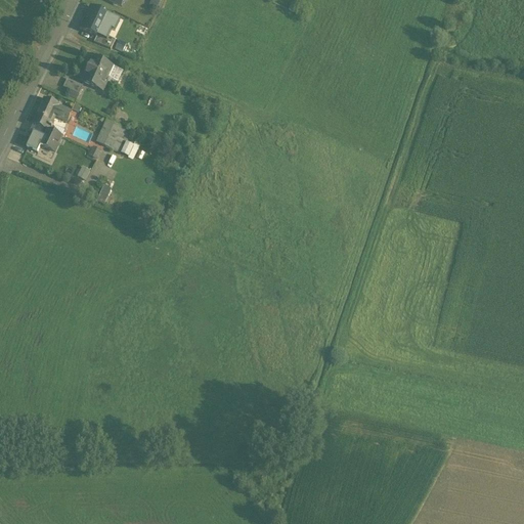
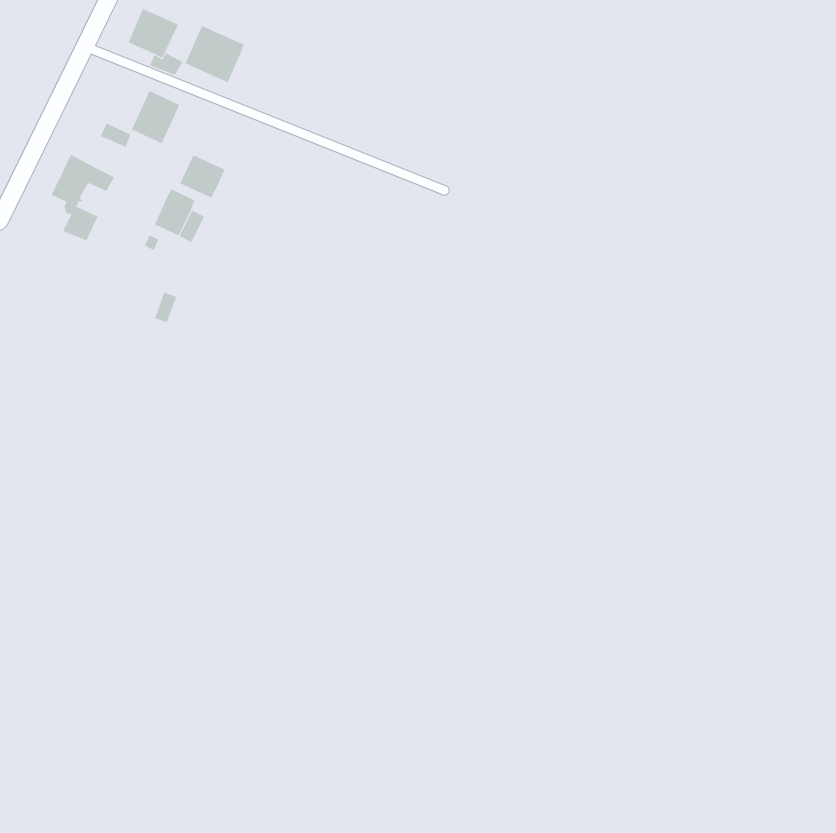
building: none -> [185,25,245,83]
building: none -> [179,154,226,199]

